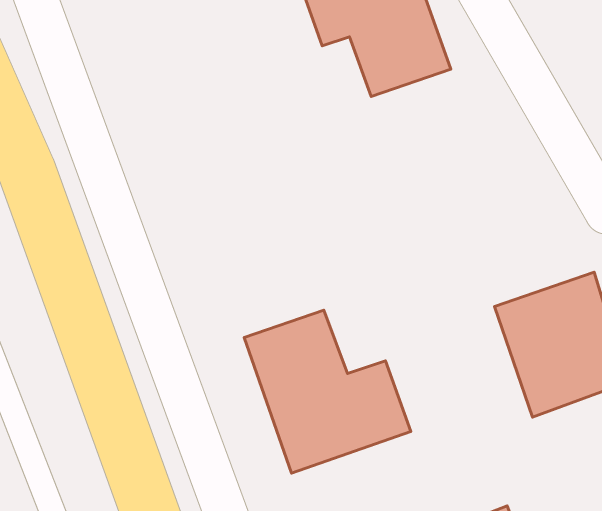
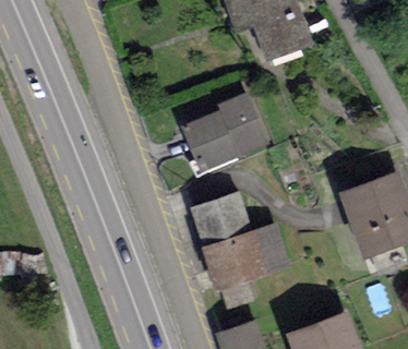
building: none -> [183,91,269,172]

